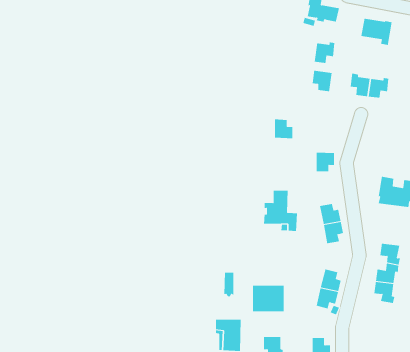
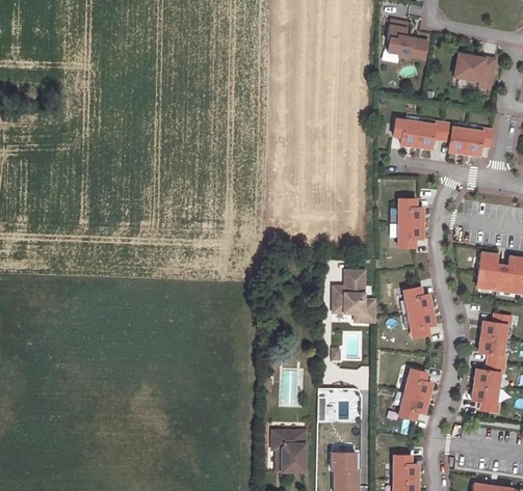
building: [314,42,335,63] -> [417,121,444,148]
building: [274,119,293,139] -> [399,198,423,223]
building: none -> [481,315,512,339]

